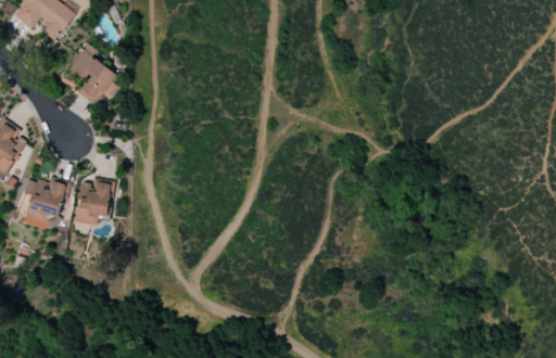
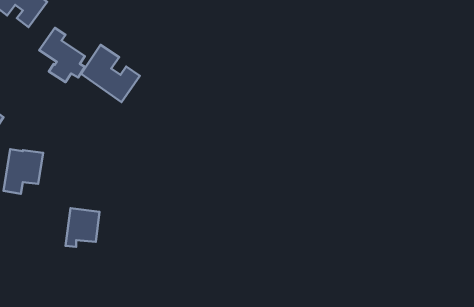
building: none -> [81,45,140,102]
building: [76,180,114,223] -> [66,208,100,247]

